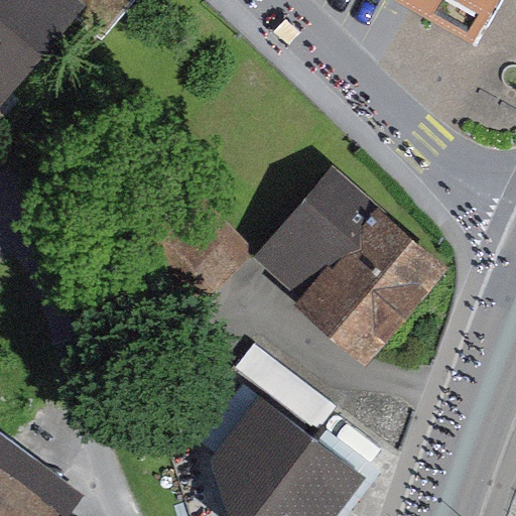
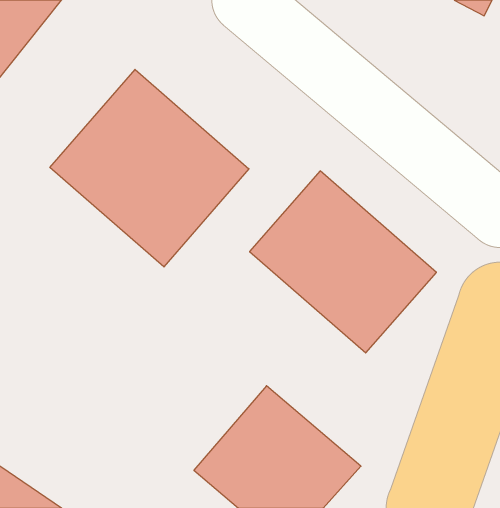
building: none -> [50,69,249,267]

